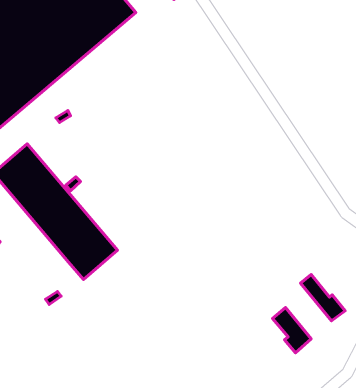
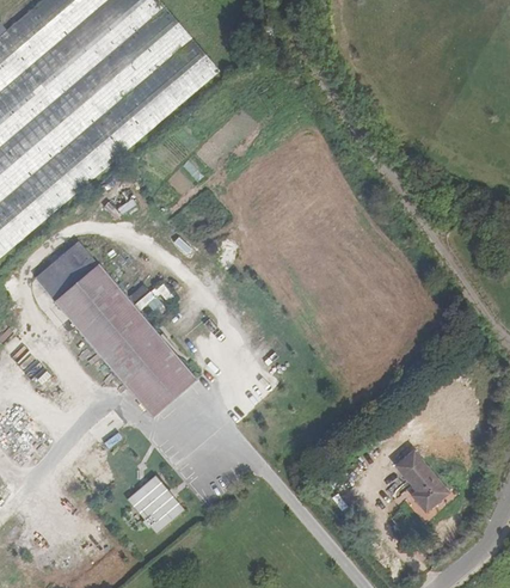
building: [300,275,345,321] -> none
building: none -> [125,473,184,533]

